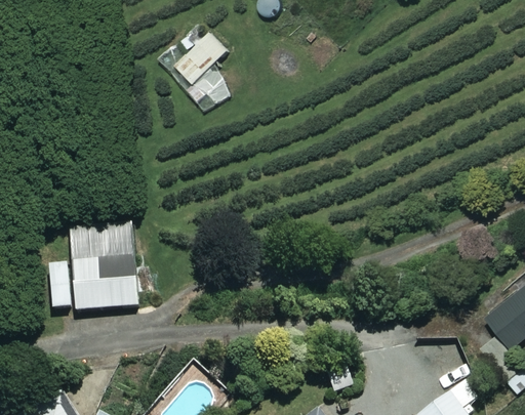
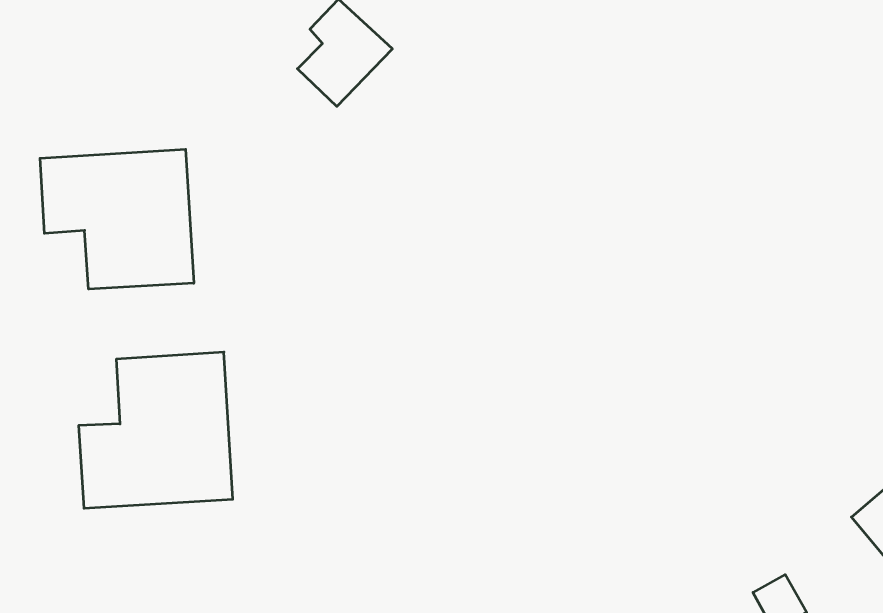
building: none -> [40,149,194,289]

